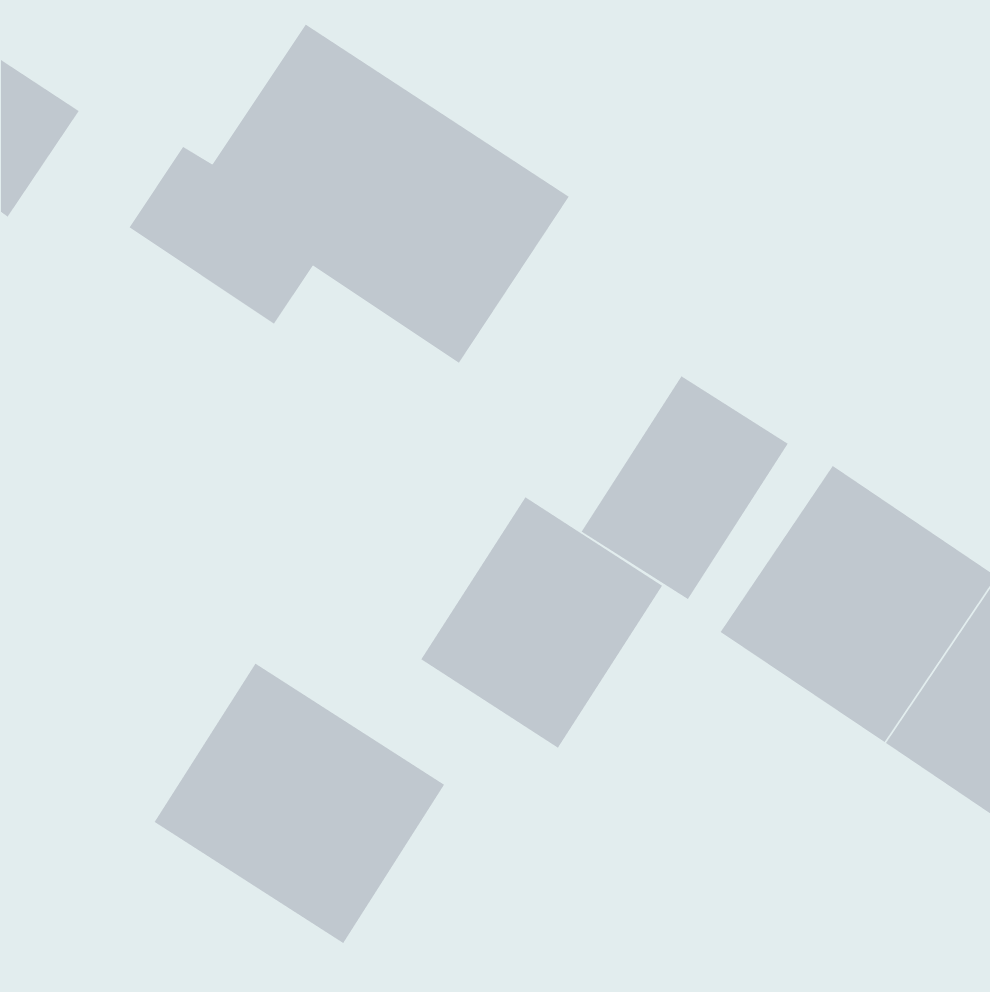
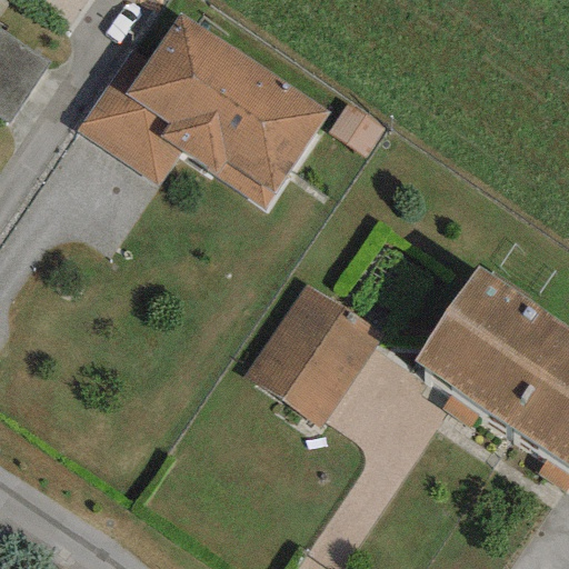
building: [581,375,789,600] -> none
building: [153,662,445,944] -> none

